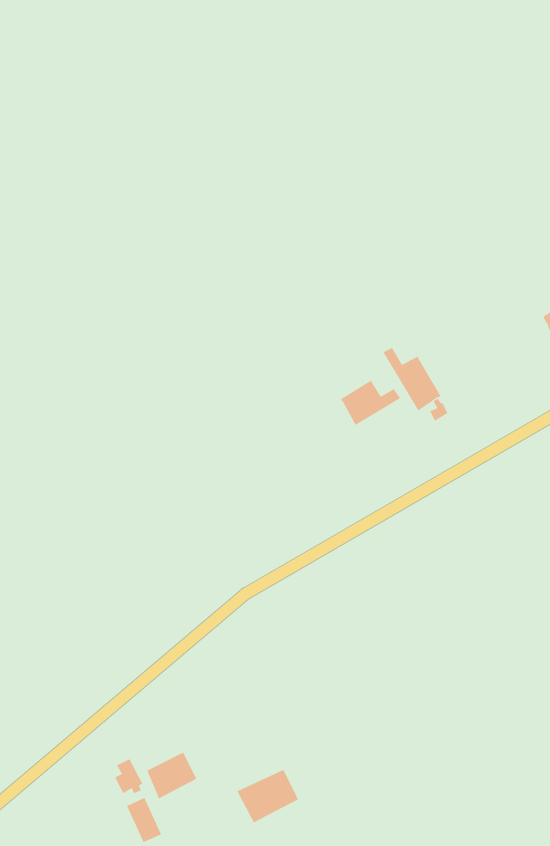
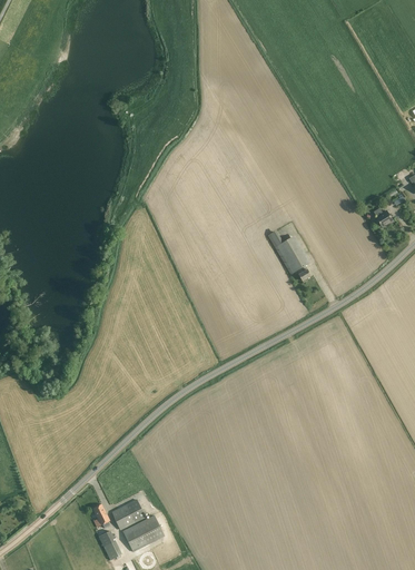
building: [340,380,401,426] -> none
building: [237,769,299,823] -> [121,515,162,551]

